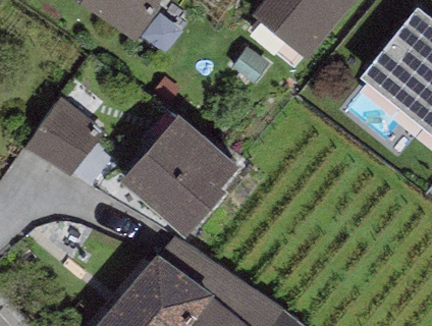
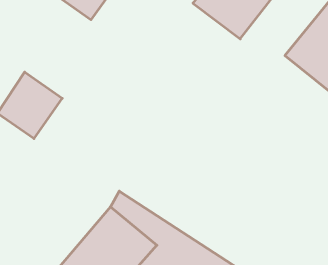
building: [118,117,241,240] -> none

